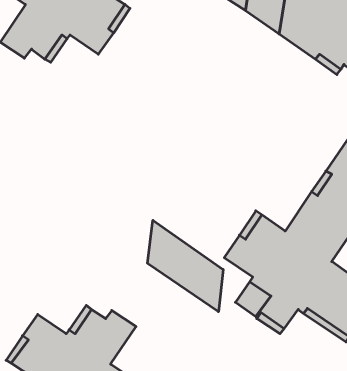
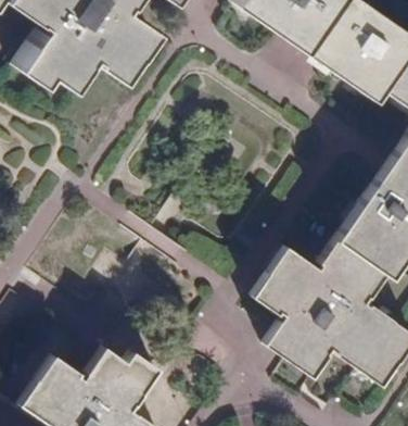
building: [148,220,223,312] -> none

